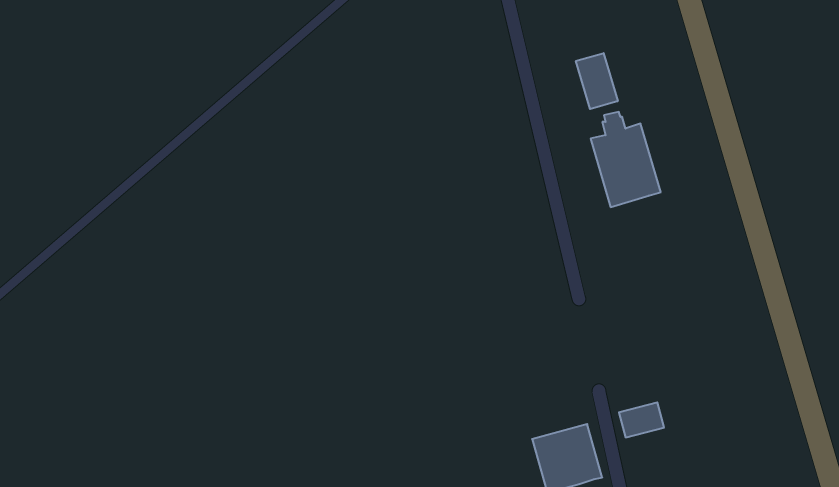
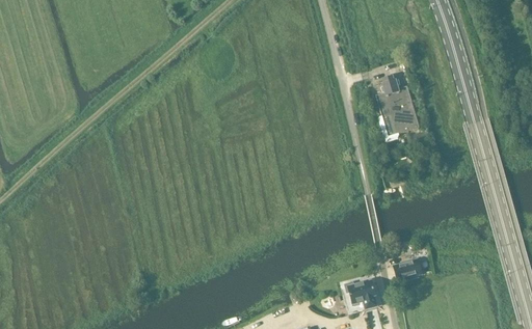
building: [576,53,618,109] -> none

